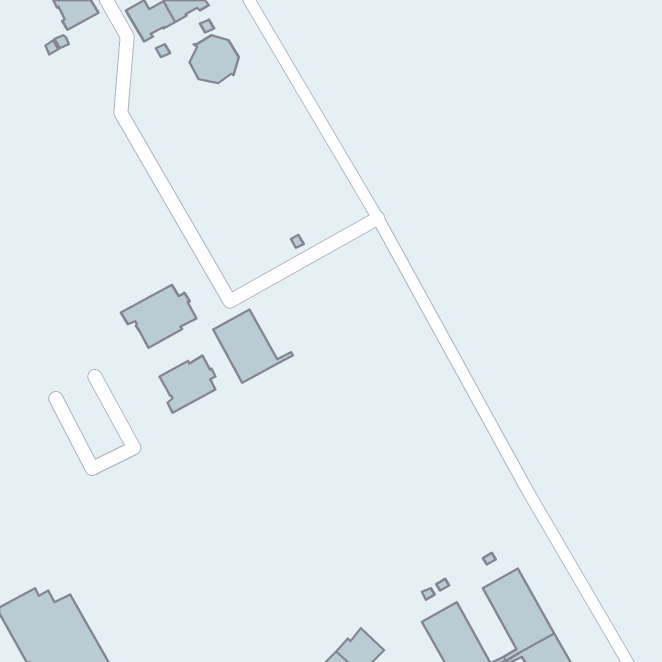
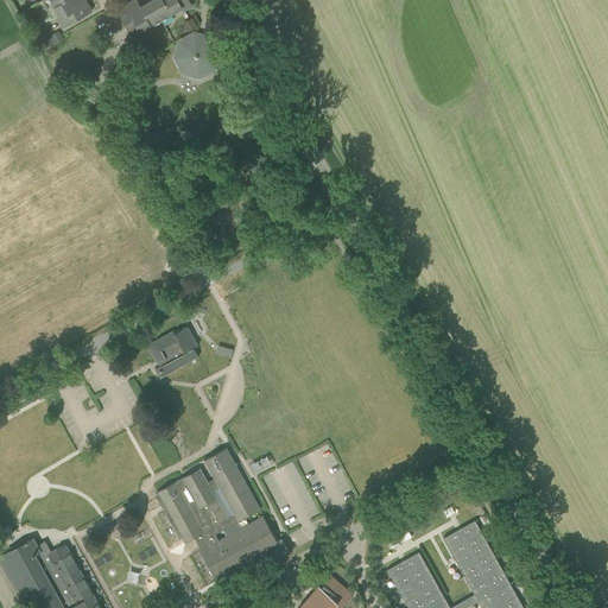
building: [121,285,197,348] -> none
building: [213,309,293,383] -> none
building: none -> [156,448,279,582]

